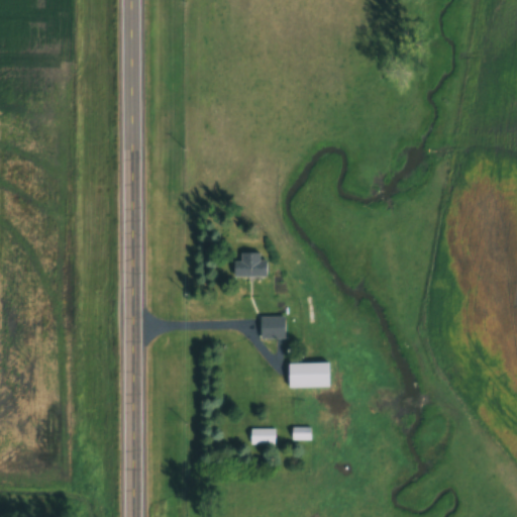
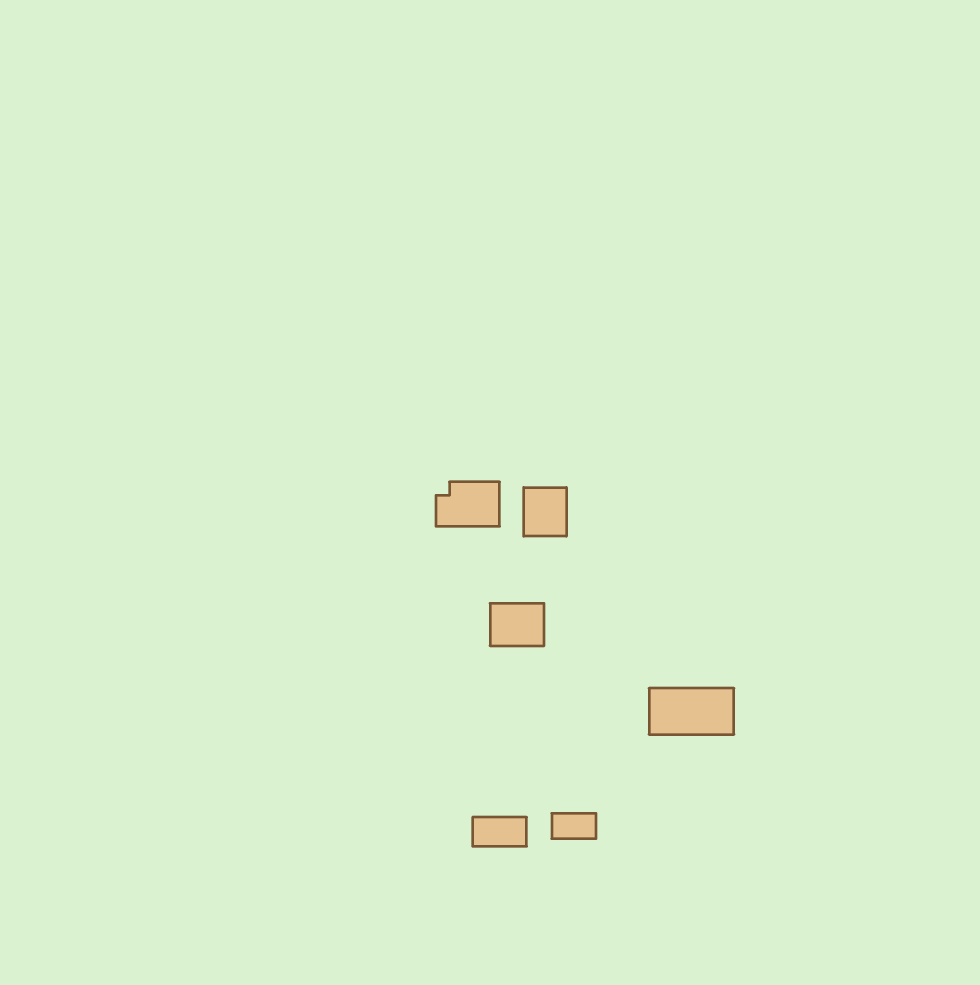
building: none -> [524,487,566,536]
building: [287,363,331,387] -> [649,688,734,734]

